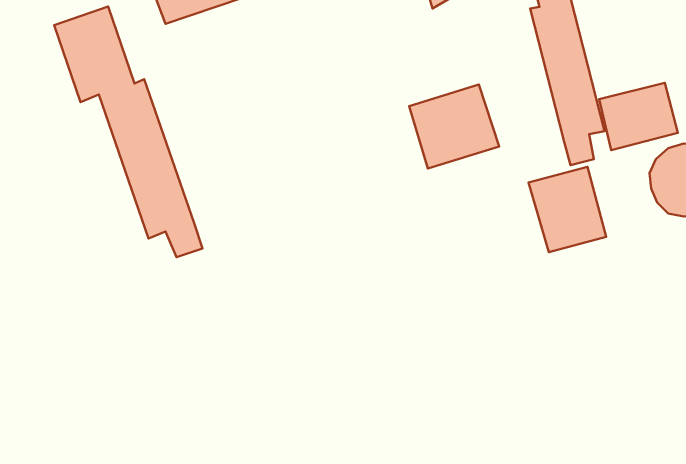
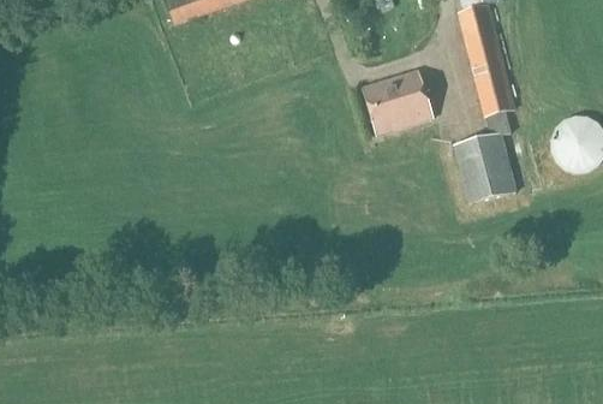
building: [54,6,203,257] -> none
building: [599,83,678,150] -> none

